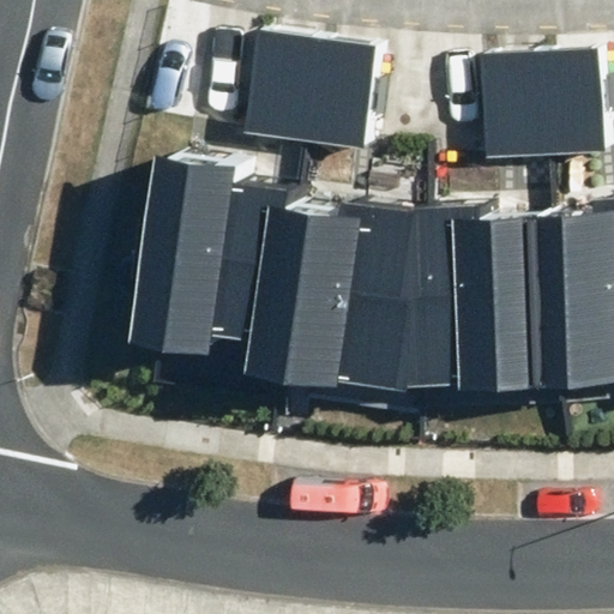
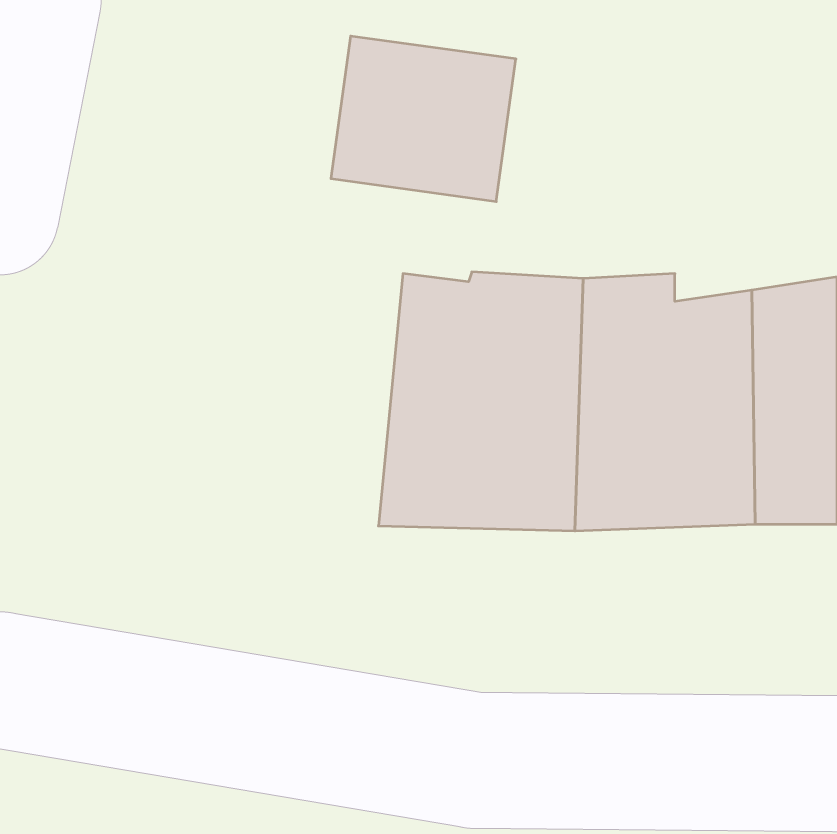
building: [476,47,606,161] -> none
building: [131,162,295,387] -> none

